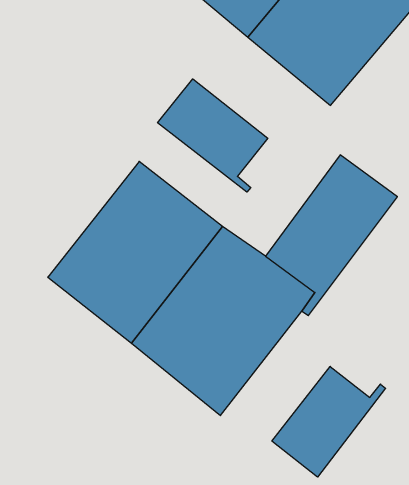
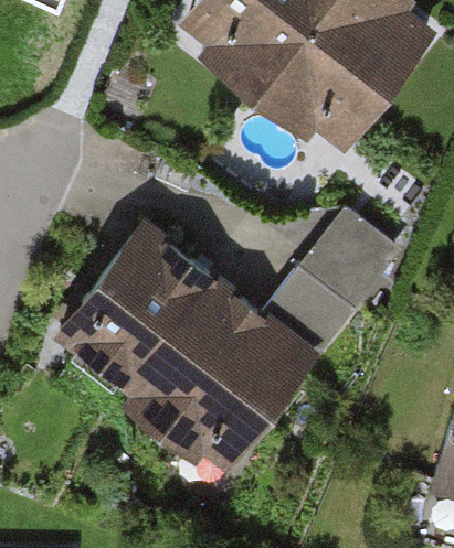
building: [158,79,268,192] -> none
building: [272,366,386,477] -> none

